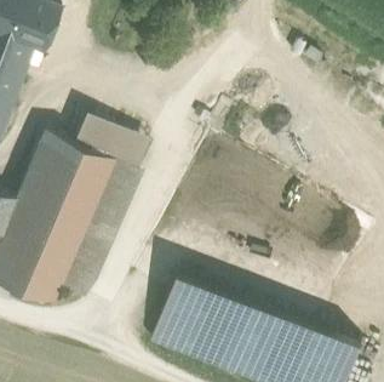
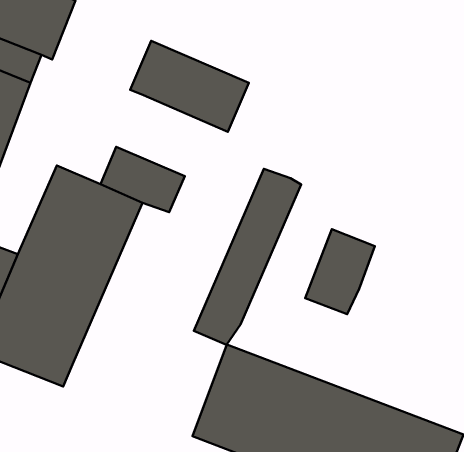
building: none -> [130,41,249,132]
building: [58,160,142,297] -> [194,169,301,345]
building: none -> [305,229,375,314]

